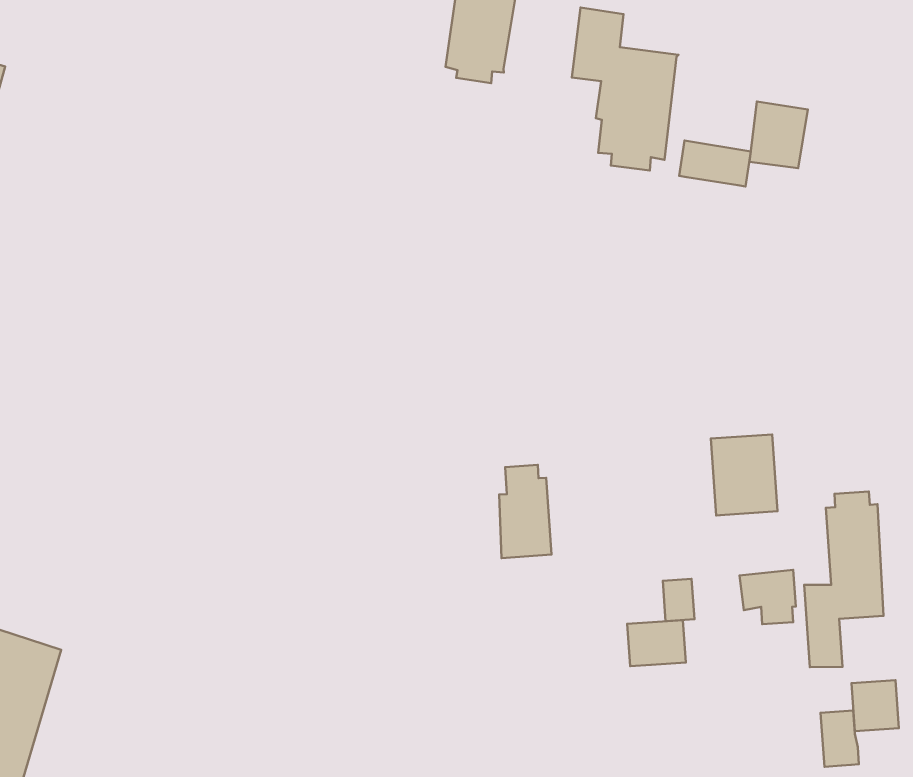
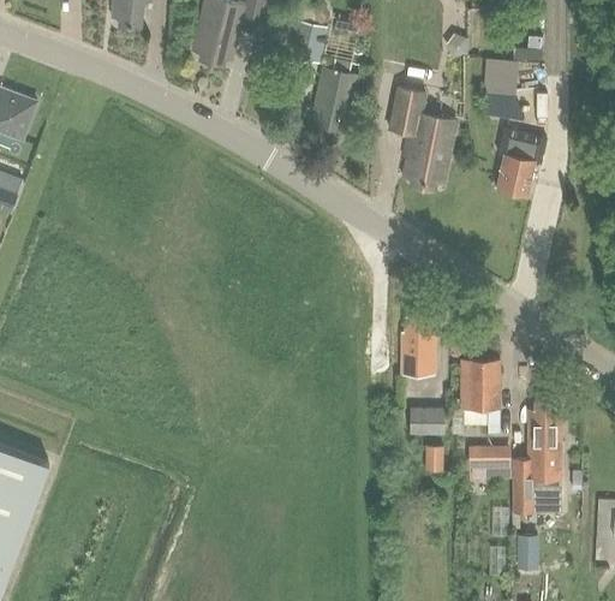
building: none -> [486,95,525,121]
building: [679,141,751,187] -> [498,130,544,161]
building: [499,465,552,558] -> [401,316,432,373]
building: [627,620,686,666] -> [408,407,443,434]
building: [851,680,899,731] -> [532,478,560,508]

